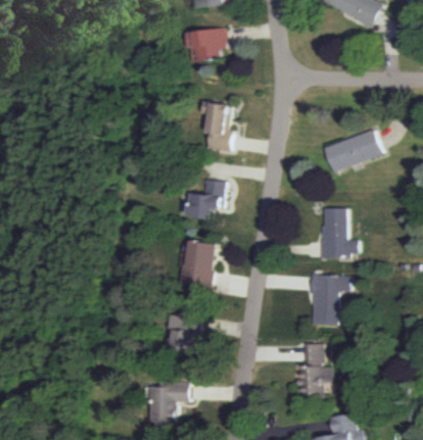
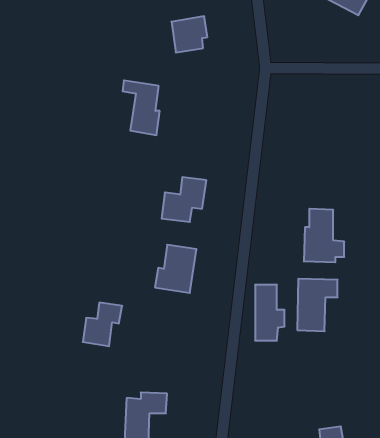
building: [198,100,233,151] -> [123,80,160,135]
building: [320,128,379,170] -> none
building: [169,311,205,352] -> [83,303,122,346]
building: [299,342,327,394] -> [255,285,285,341]

